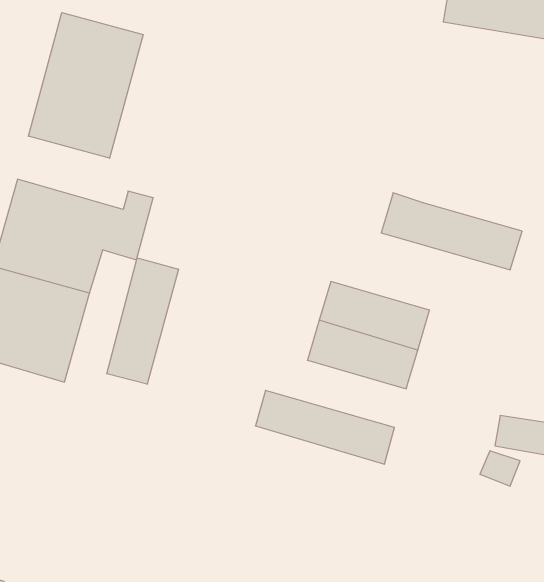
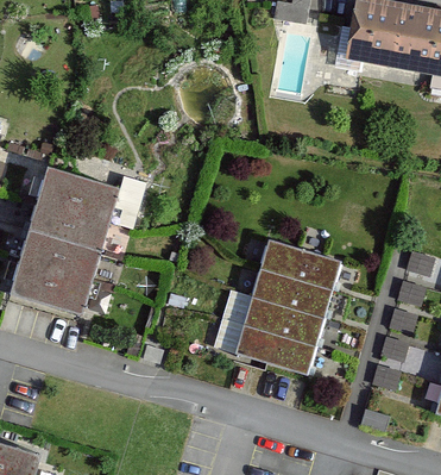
building: [28,13,143,158] -> none
building: [381,193,522,270] -> [222,290,322,345]
building: [107,258,178,384] -> none

